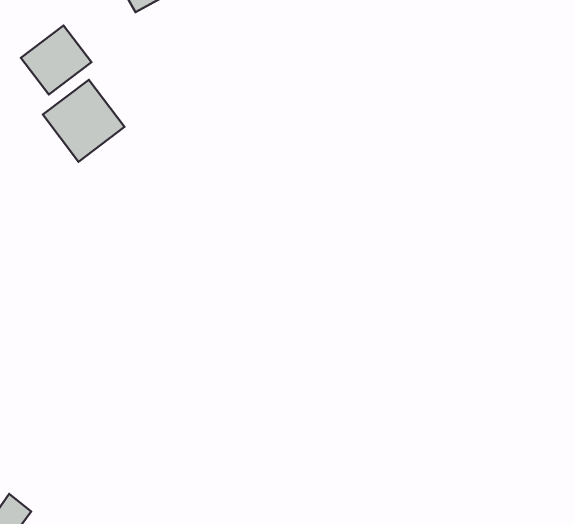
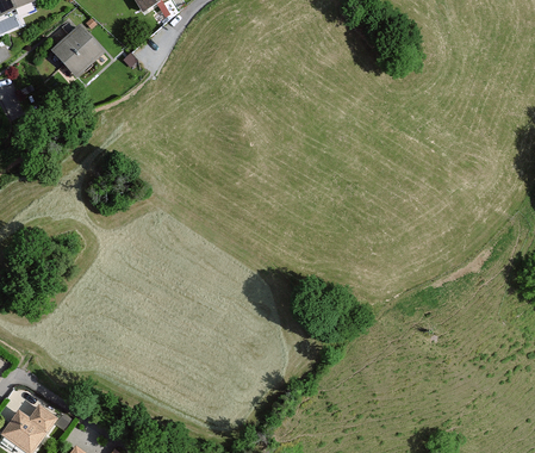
building: [43,80,124,162] -> none

